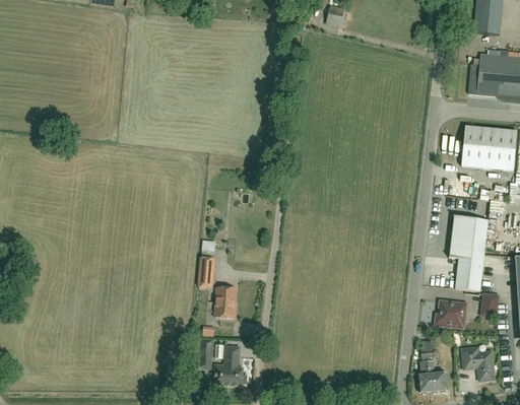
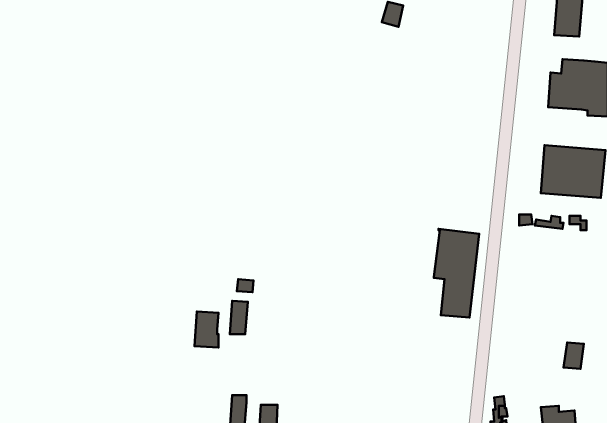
building: [449,215,488,290] -> [434,229,479,317]
building: [214,287,235,318] -> [194,312,218,347]
building: [436,300,466,327] -> none

